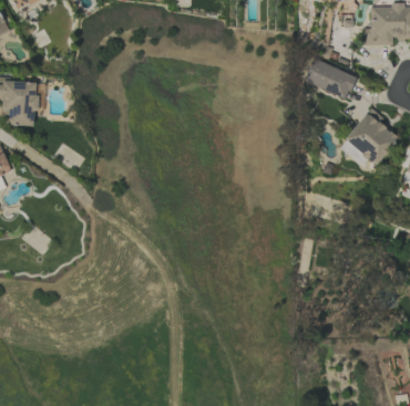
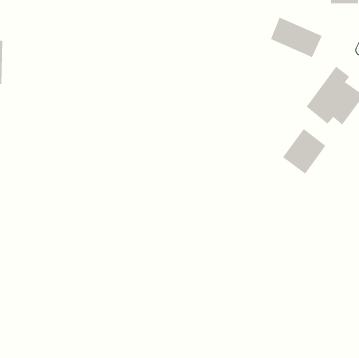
building: none -> [282,128,326,174]

